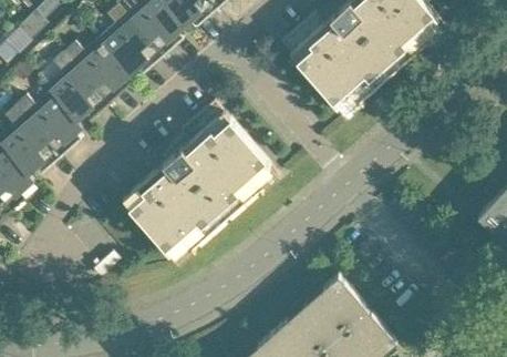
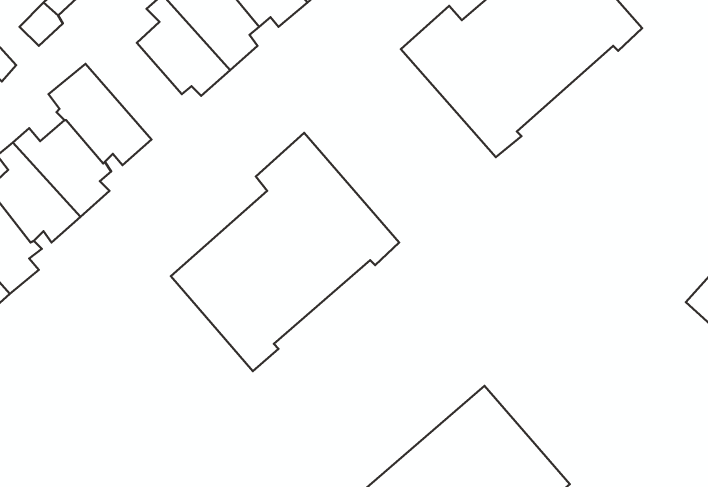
building: [62,38,128,104] -> none

